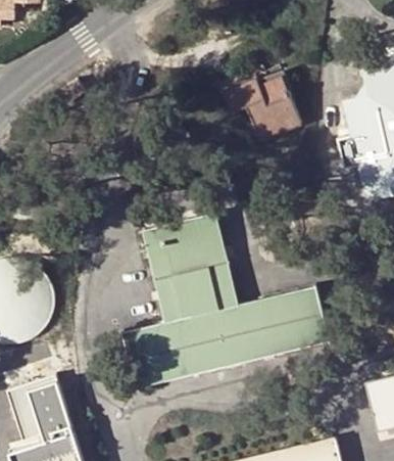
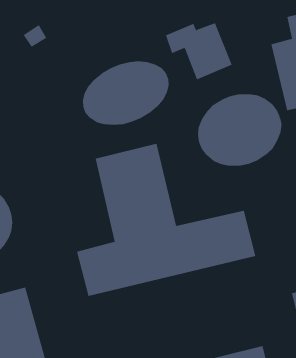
building: none -> [82,61,169,126]
building: none -> [198,93,282,167]

